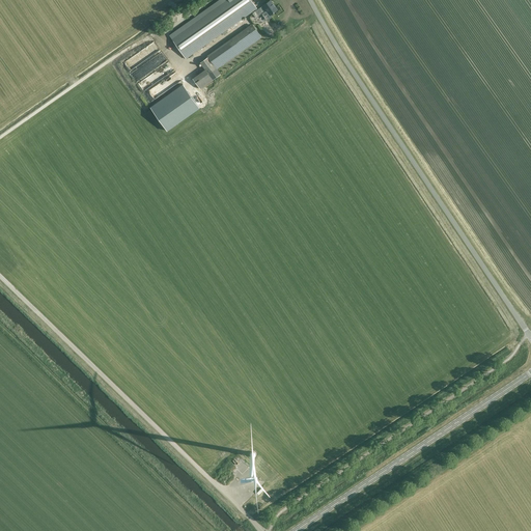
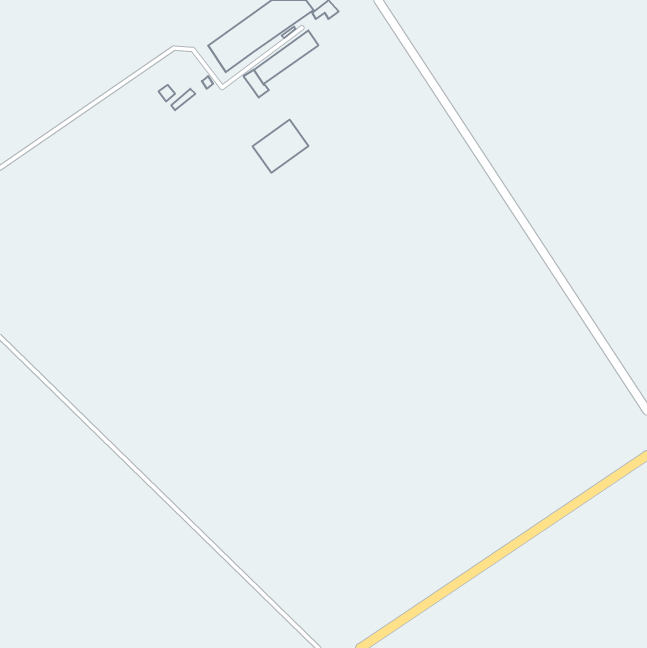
building: [149,79,195,122] -> [253,120,308,173]

